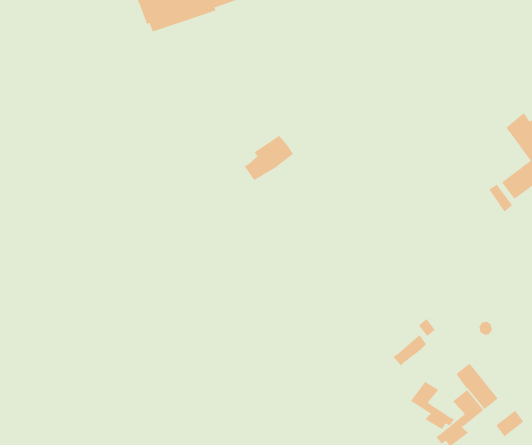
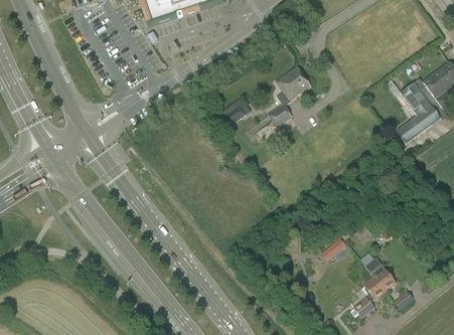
building: none -> [266,65,309,127]
building: [410,380,455,430] -> none

